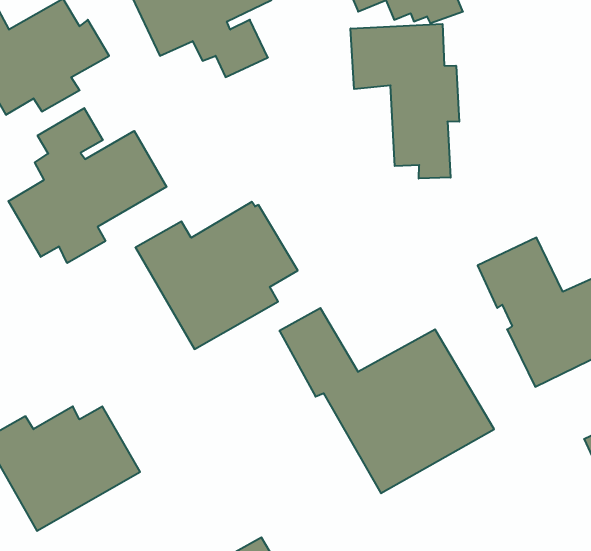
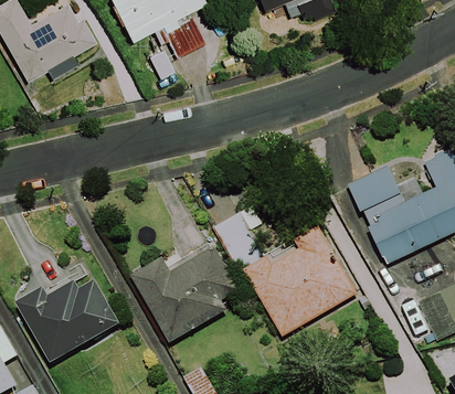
building: [351,24,459,179] -> none
building: [8,108,167,263] -> none
building: [135,202,298,349] -> [130,243,240,342]

